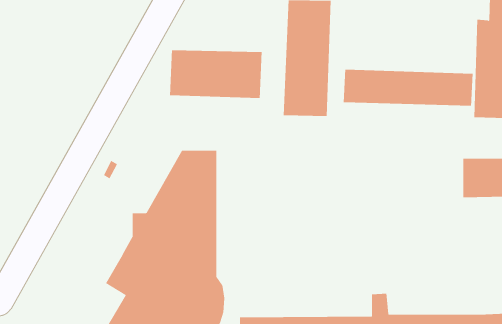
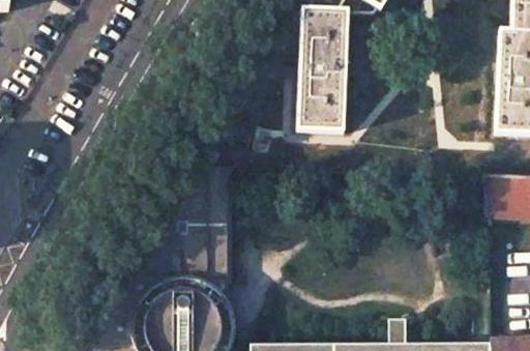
building: [170,49,262,99] -> none
building: [343,69,473,106] -> none

